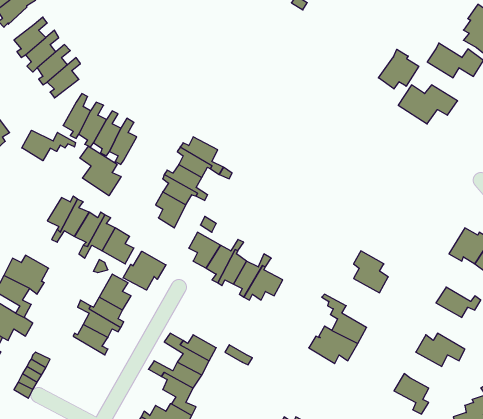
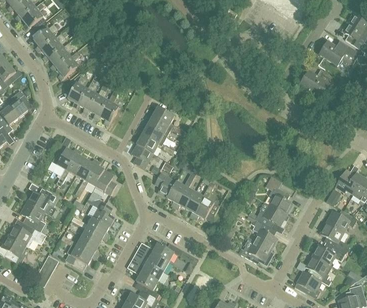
building: [378,49,419,89] -> none
building: [22,130,76,161] -> none
building: [80,146,121,196] -> none
building: [123,251,166,290] -> none
building: none -> [248,202,286,227]
building: none -> [319,221,350,253]
building: none -> [66,238,96,270]
building: none -> [305,255,330,285]

